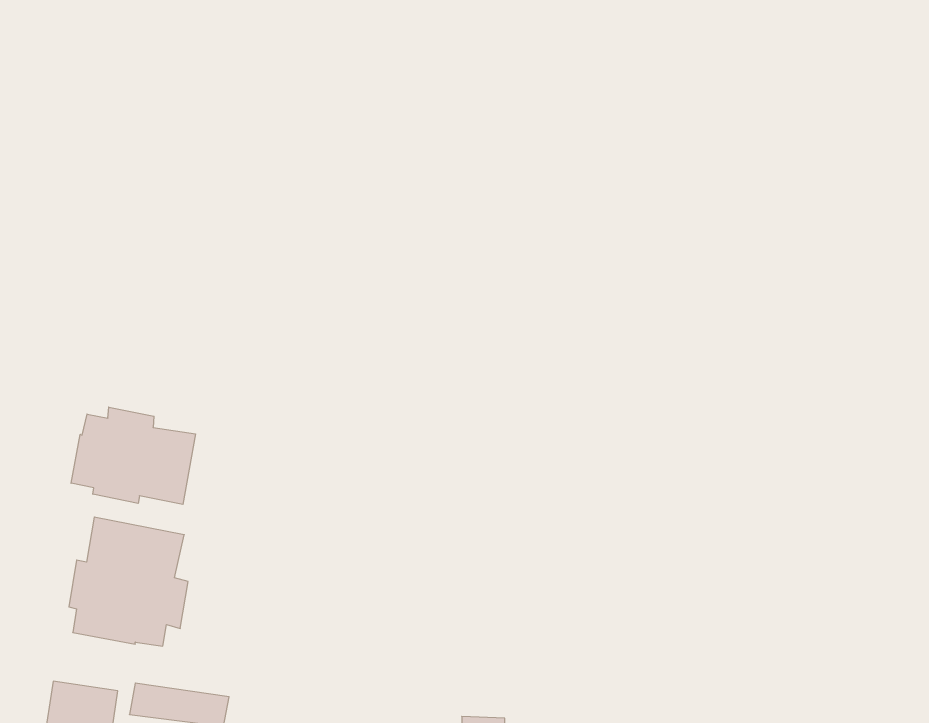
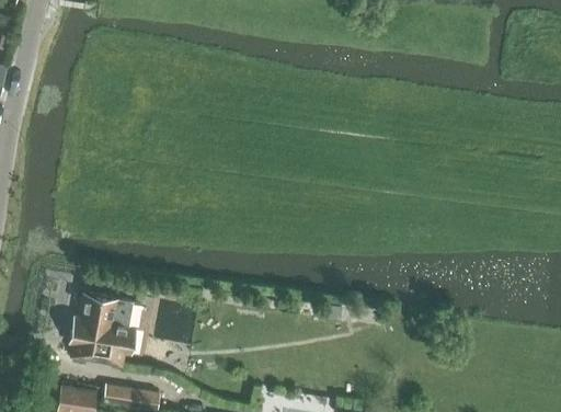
building: [71,407,195,504] -> none

